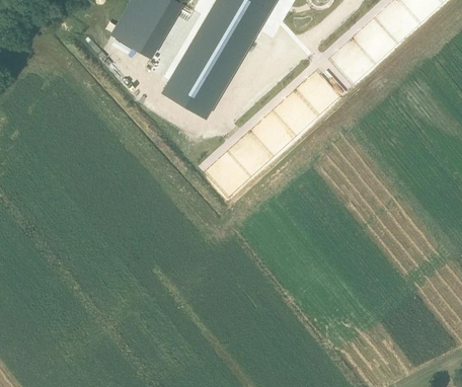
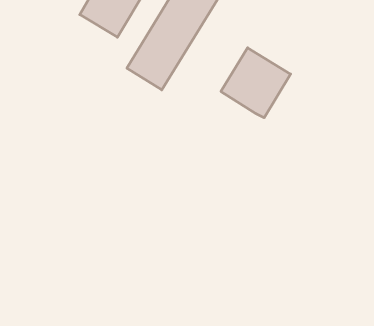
building: none -> [221,48,291,118]

